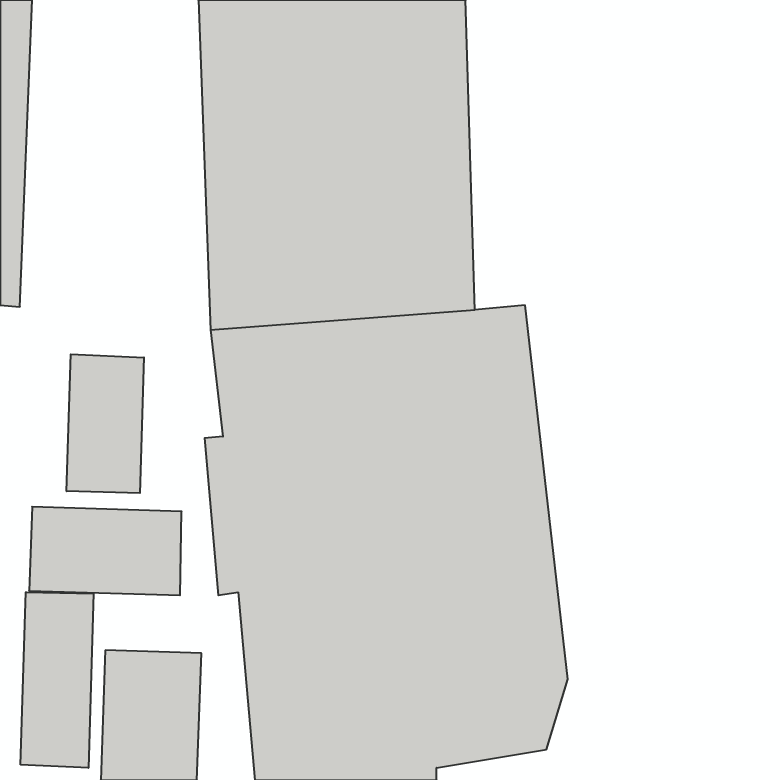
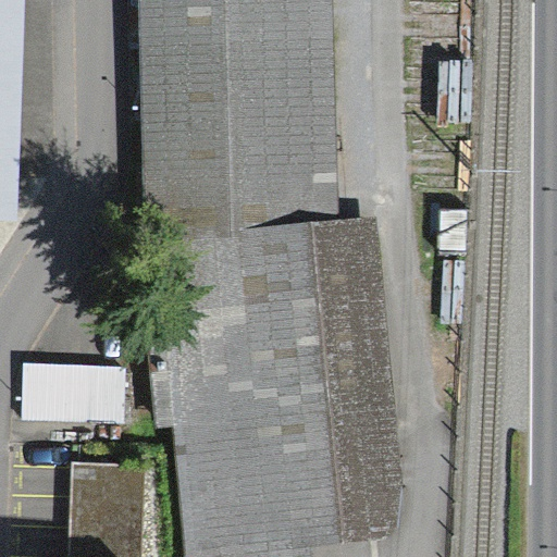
building: [67,354,144,493] -> none
building: [21,592,94,768] -> none

